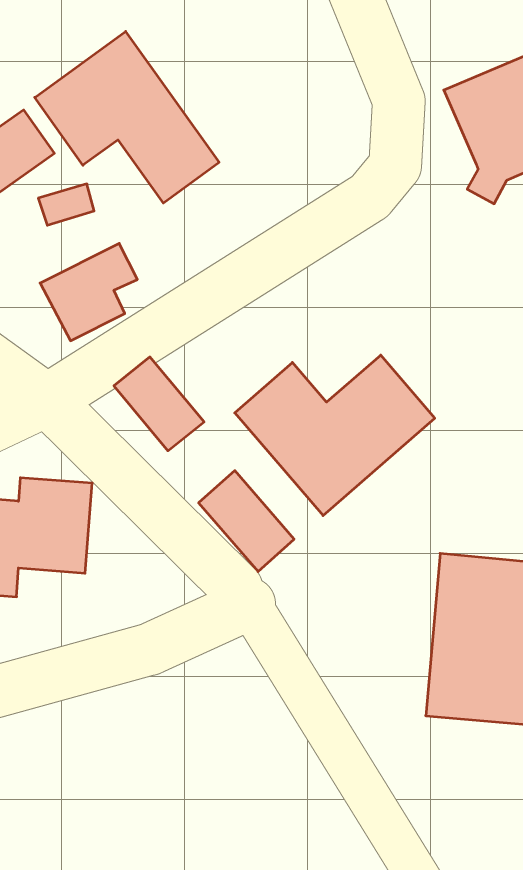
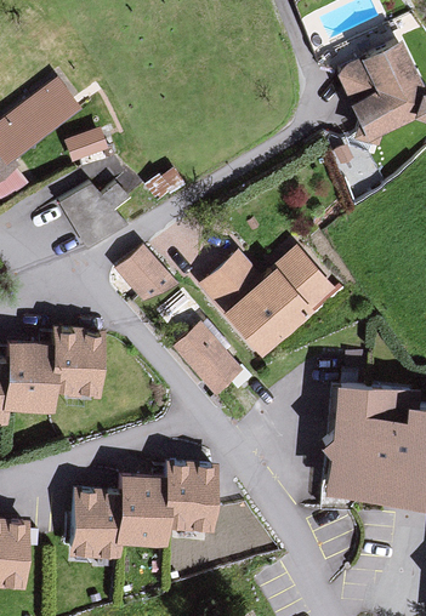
building: [35,31,219,203] -> none
building: none -> [72,464,215,554]

